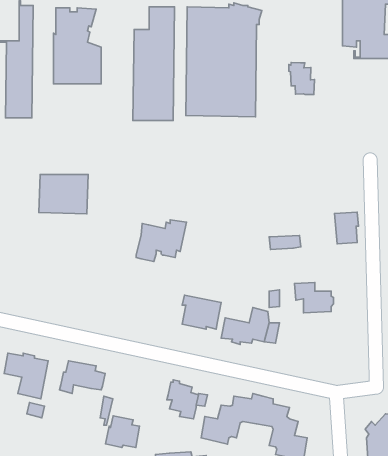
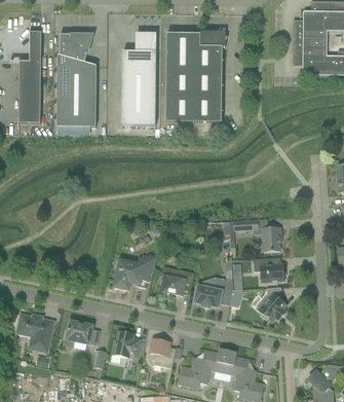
building: [289,62,315,95] -> none
building: [39,175,88,214] -> [56,96,97,127]
building: [335,212,359,244] -> [262,226,281,252]
building: [136,220,187,261] -> [114,256,155,290]
building: none -> [257,287,286,321]
building: [105,416,140,448] -> [112,331,140,357]

